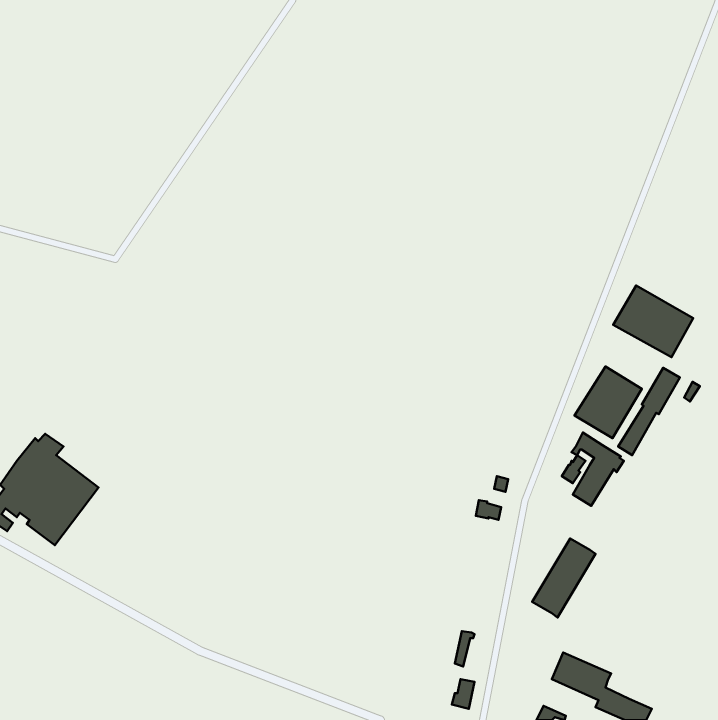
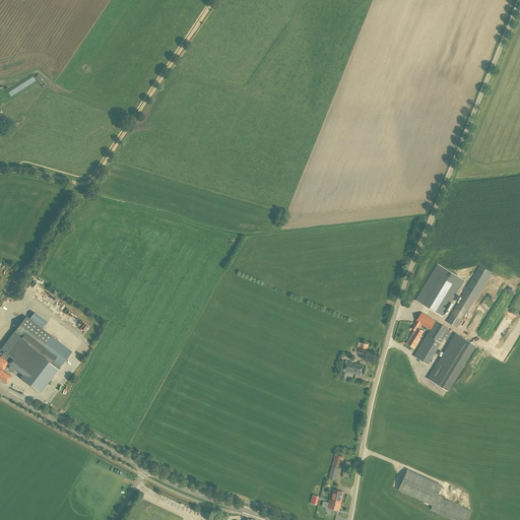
building: [613,285,693,357] -> none
building: [532,538,596,617] -> [428,333,473,390]

